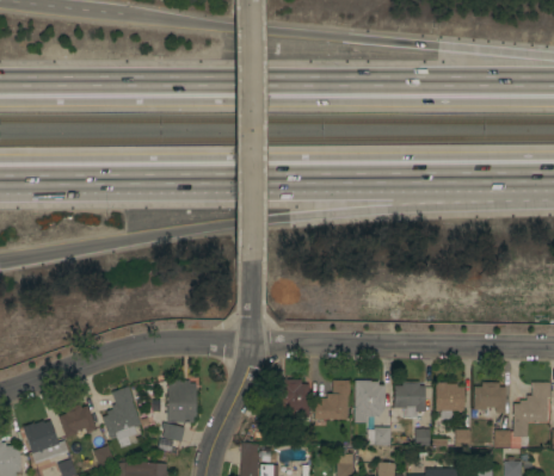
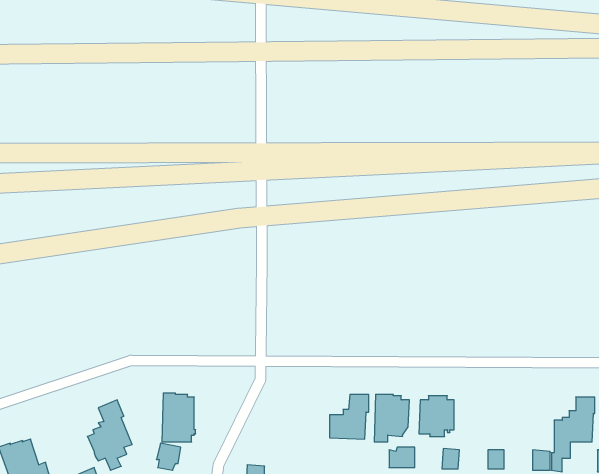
building: [277,379,309,416] -> none
building: [474,382,505,413] -> none
building: [436,383,463,419] -> none
building: [59,403,97,438] -> none

